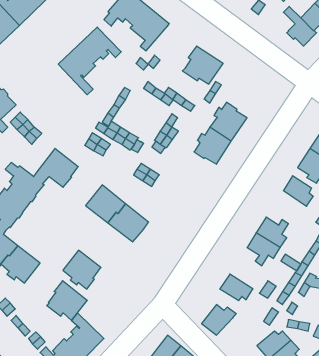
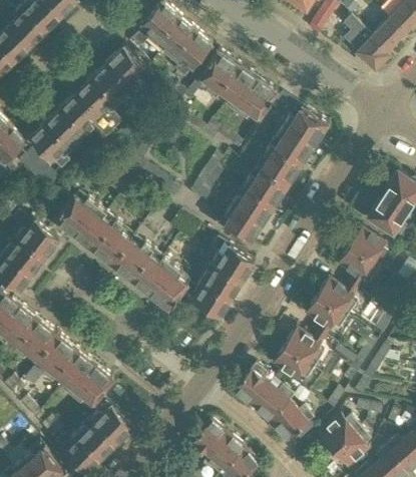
building: none -> [199,51,245,98]
building: none -> [29,93,112,169]
building: none -> [276,95,327,158]
building: none -> [223,197,269,246]
building: none -> [83,217,130,265]
building: none -> [180,238,254,319]
building: none -> [338,247,378,287]
building: [63,250,101,289] -> [36,335,82,382]
building: none -> [285,330,324,366]
building: none -> [232,366,269,408]
building: none -> [269,401,313,442]

